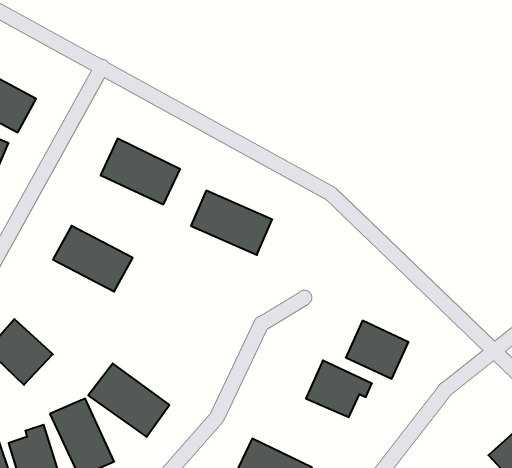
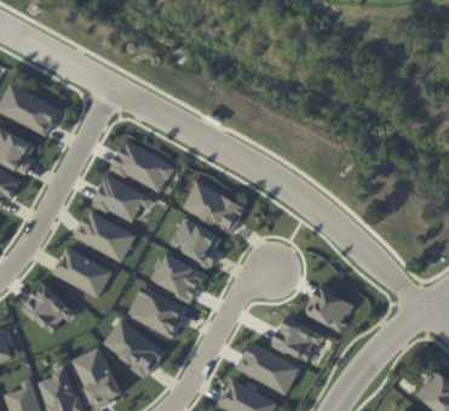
building: none -> [92,176,152,223]
building: none -> [169,217,223,268]
building: none -> [53,249,113,296]
building: none -> [149,252,207,302]
building: none -> [127,285,188,338]
building: none -> [237,343,301,393]

